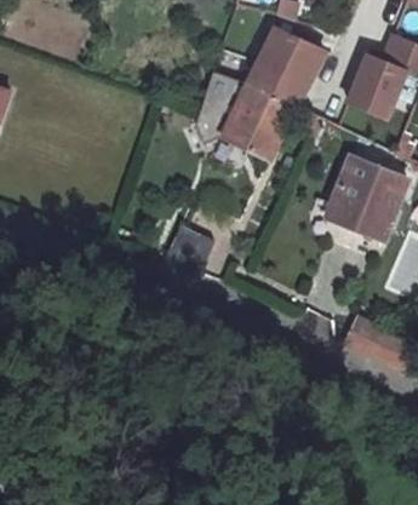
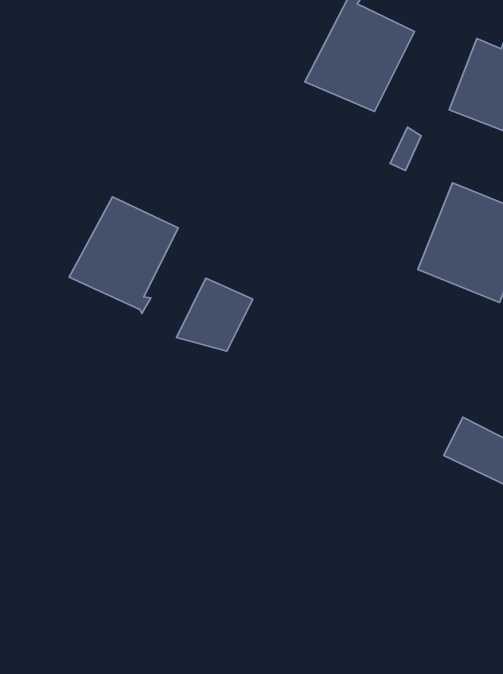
building: [196,69,296,157] -> none
building: none -> [69,197,178,314]

